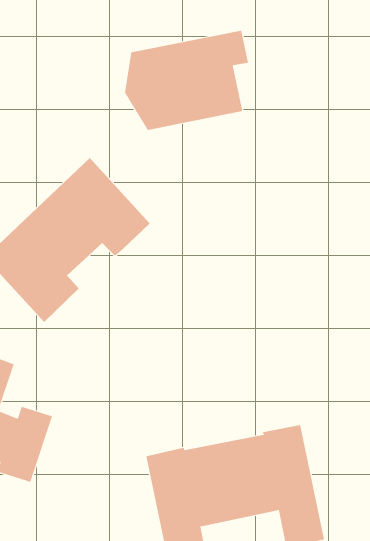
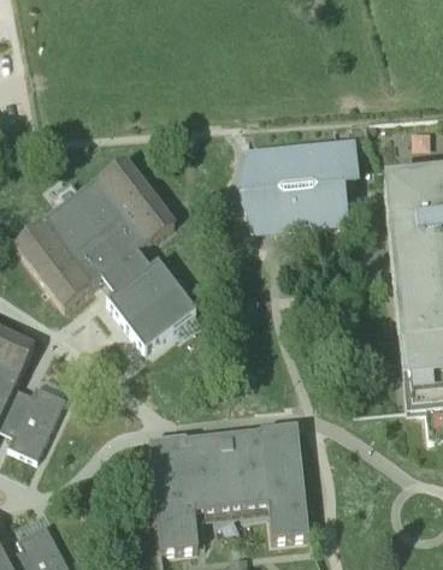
building: [124,30,249,131] -> [236,141,355,226]
building: none -> [90,237,196,344]

